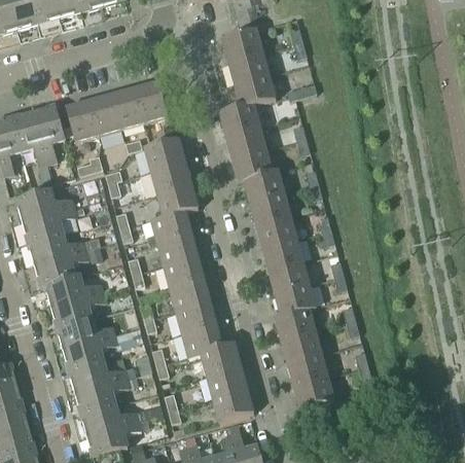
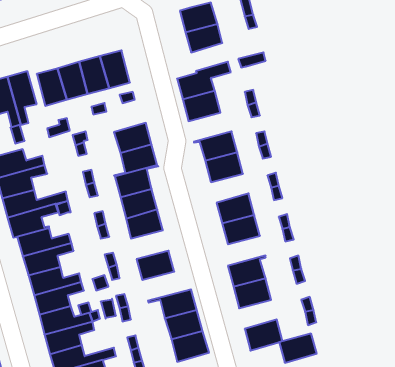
building: [235,73,275,104] -> none
building: [144,138,185,171] -> none
building: [231,149,279,181] -> none
building: [256,216,297,248] -> none
building: [169,278,210,310] -> none
building: [275,284,316,317] -> none
building: [181,323,235,355] -> none
building: [287,354,328,386] -> [279,334,317,363]

